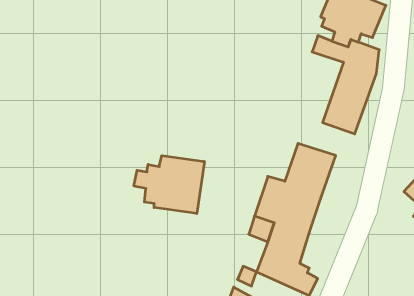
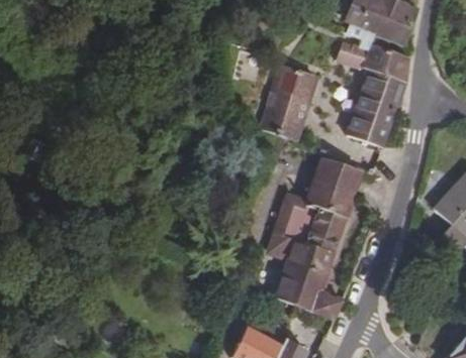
building: none -> [260,65,317,141]
building: [134,156,204,214] -> none

